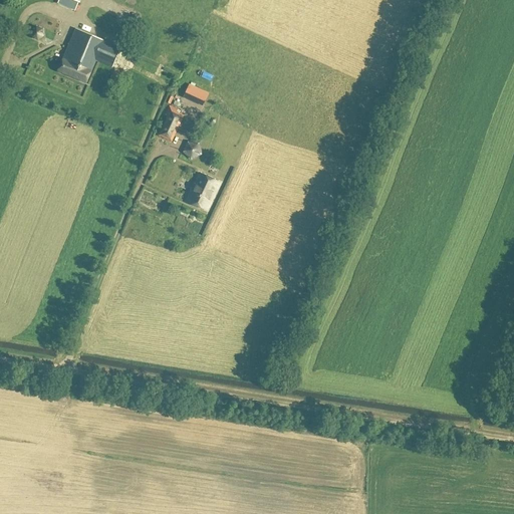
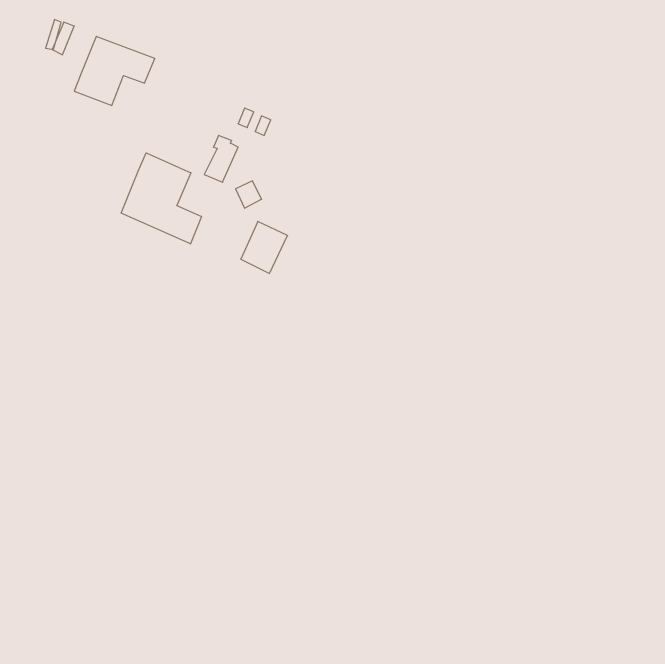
building: none -> [121,153,201,244]

